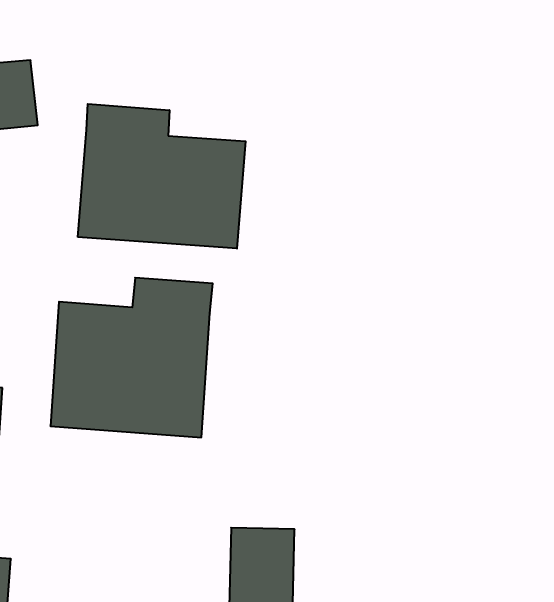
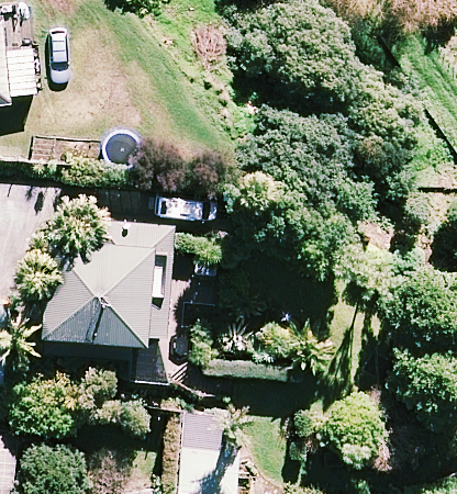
building: [78,104,246,249] -> none

